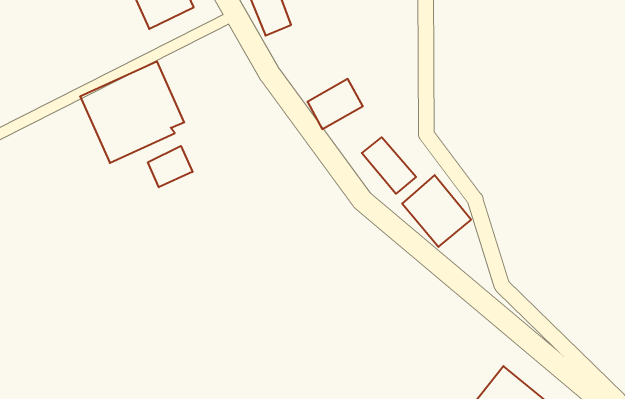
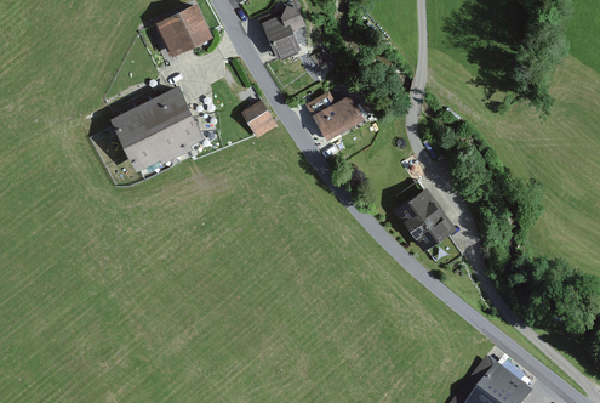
building: none -> [242,101,279,138]
building: [362,137,416,194] -> none
building: [148,146,193,187] -> none

